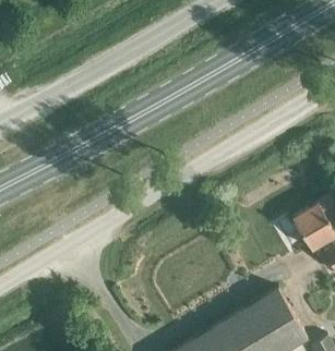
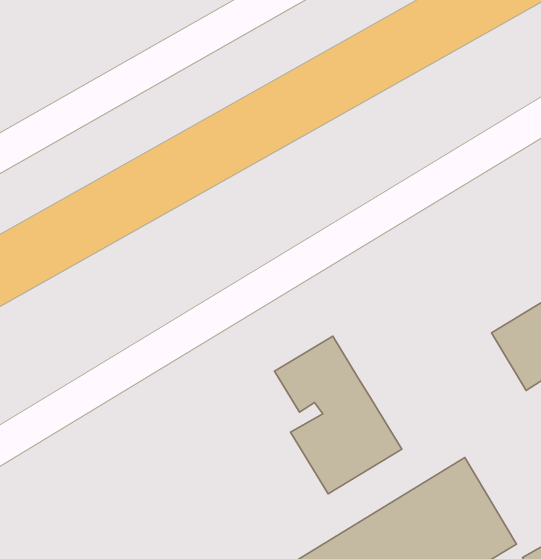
building: none -> [274,336,402,494]

